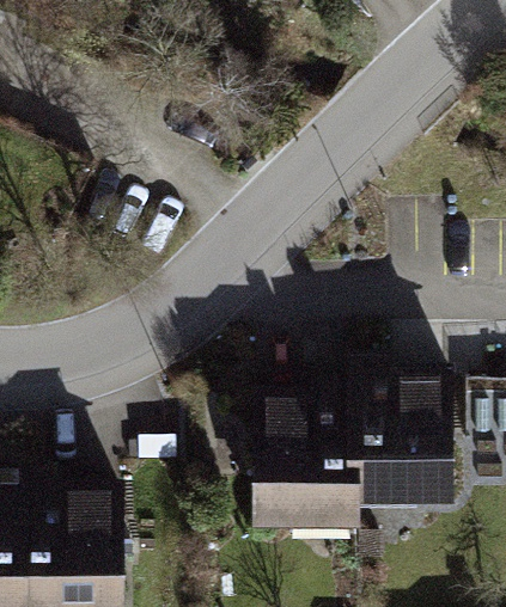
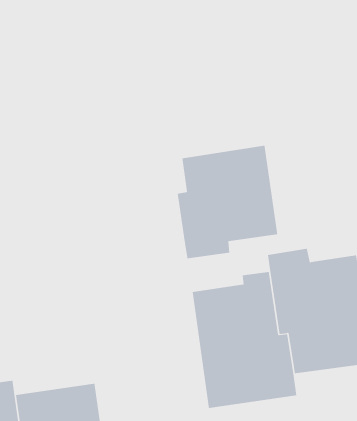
building: none -> [177,145,278,259]

